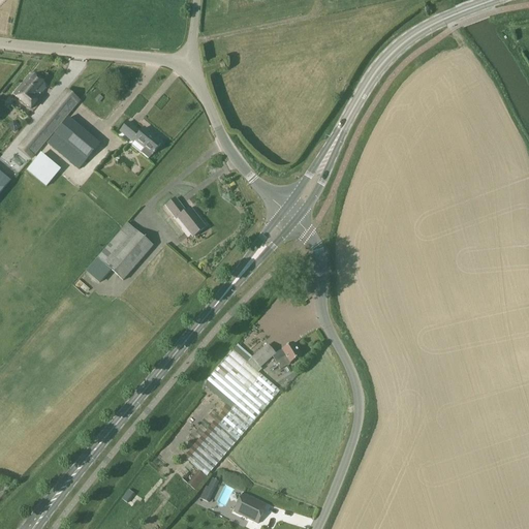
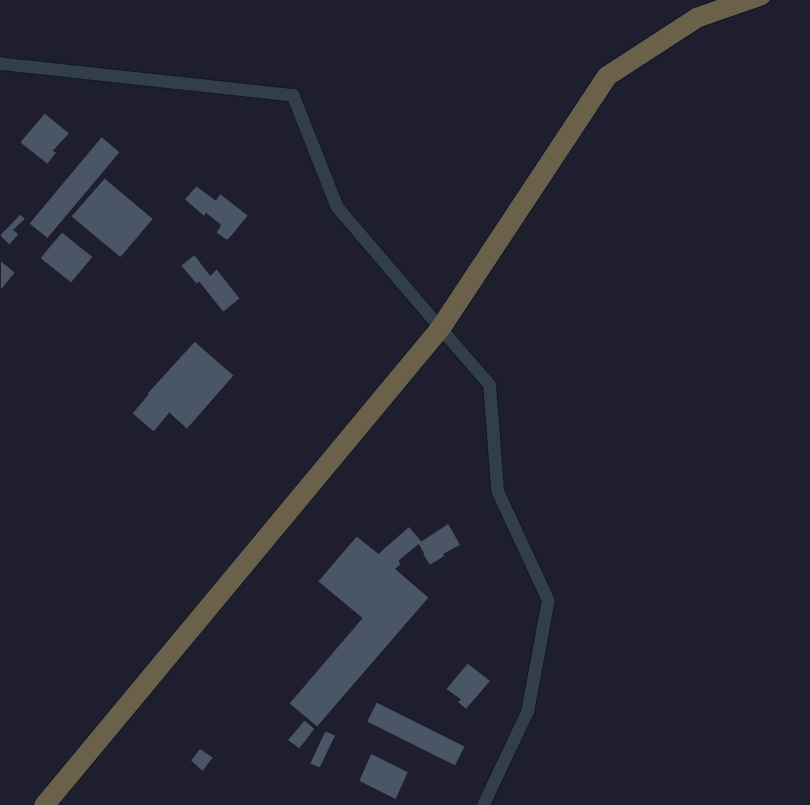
building: [165,197,205,236] -> [180,254,240,313]
building: none -> [445,662,491,710]
building: none -> [366,701,466,766]

